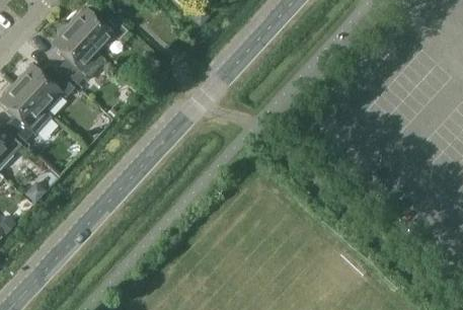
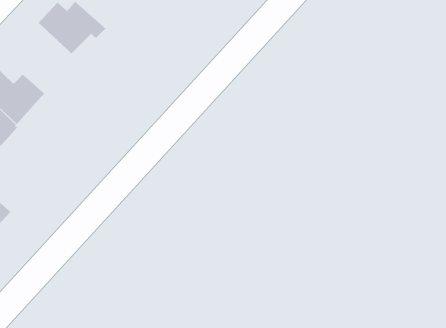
building: [52,24,104,83] -> none

